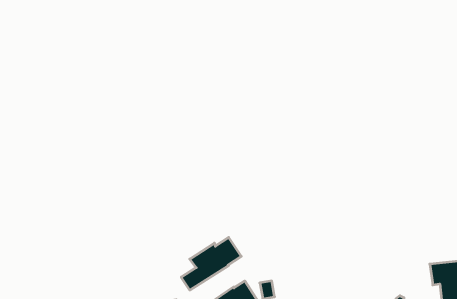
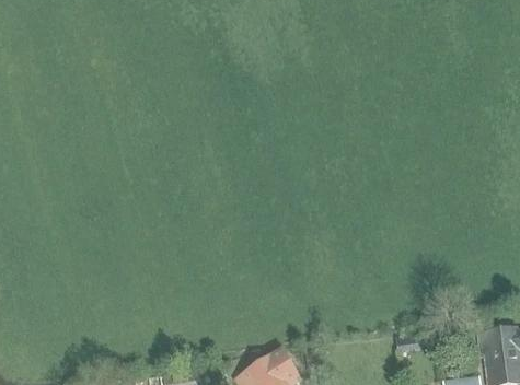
building: [181,237,241,290] -> none

